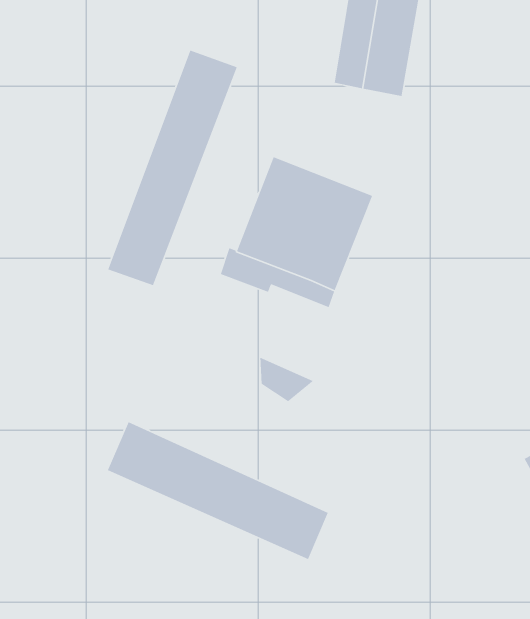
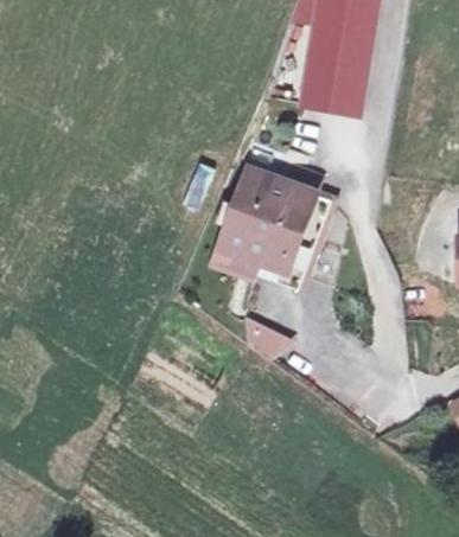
building: [107,49,238,286] -> none
building: [107,421,329,560] -> none

